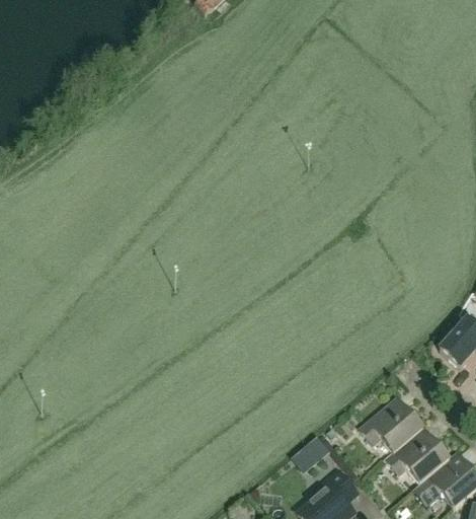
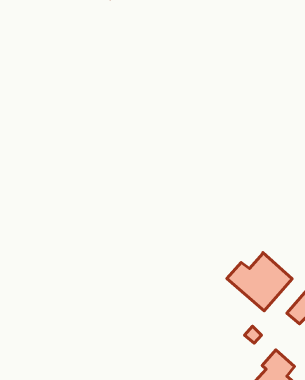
building: none -> [227,253,292,311]

